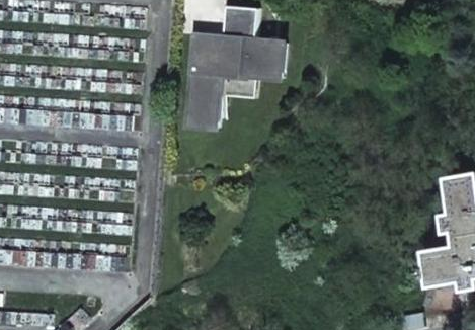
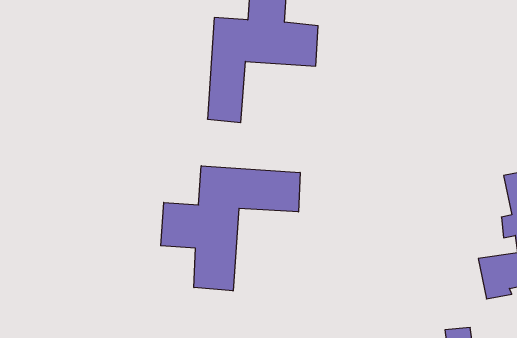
building: none -> [161,166,300,291]

